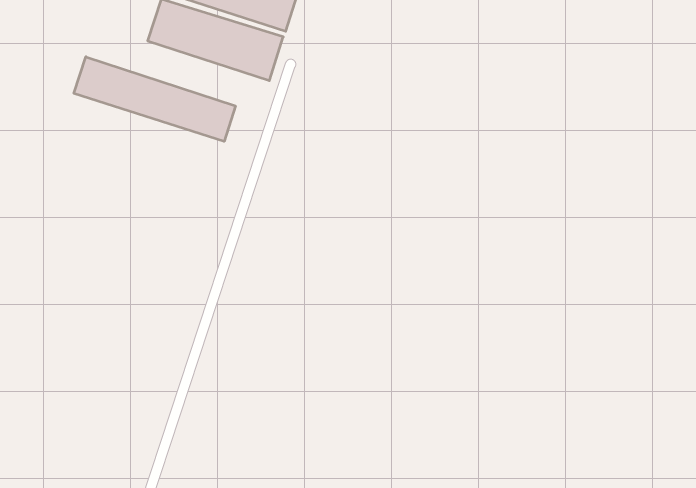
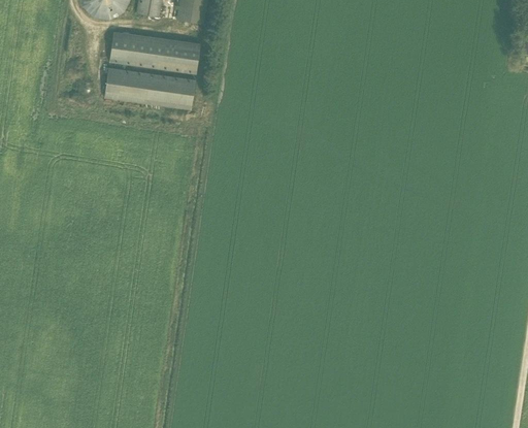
building: [74,57,235,141] -> none

